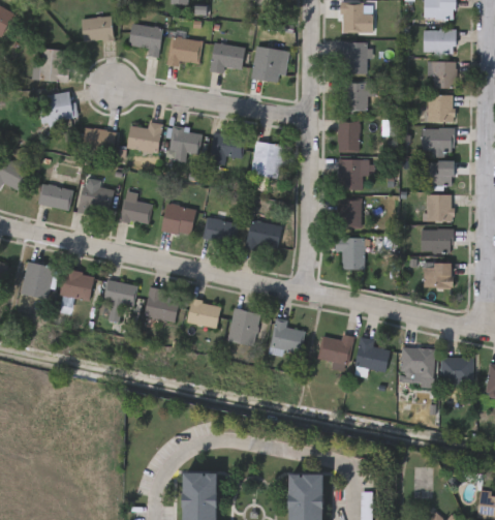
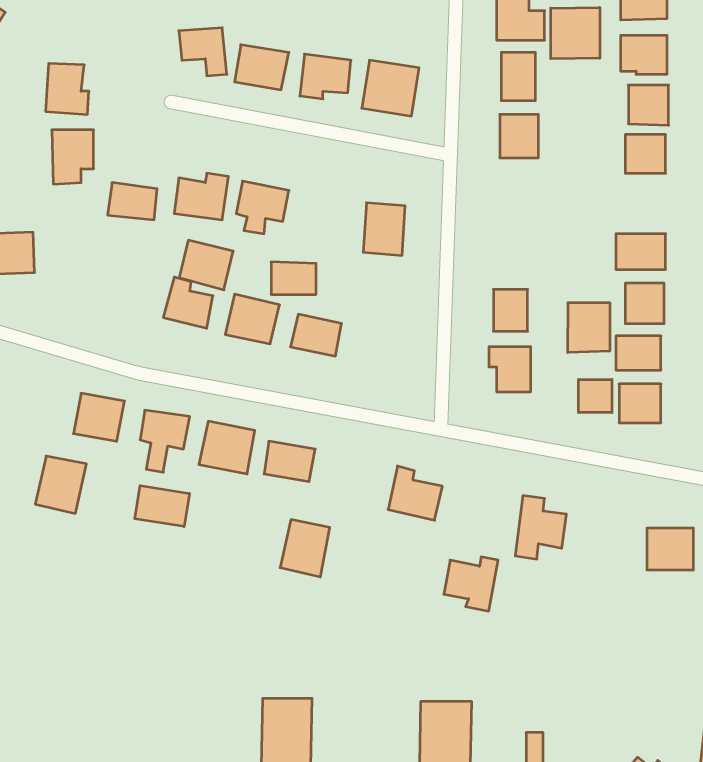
building: none -> [551,7,600,59]
building: [81,16,113,41] -> none
building: [338,121,360,152] -> none
building: [422,129,453,154] -> none
building: [213,134,243,156] -> [271,262,316,294]
building: [339,159,368,189] -> none
building: [38,183,73,210] -> none
building: [78,183,114,216] -> [179,240,233,290]
building: none -> [568,303,610,353]
building: [245,219,281,251] -> none
building: none -> [579,379,612,413]
building: [20,262,54,300] -> [35,456,86,513]
building: [226,308,259,346] -> [280,520,330,577]
building: none -> [135,486,189,527]
building: [317,334,353,370] -> [444,557,498,611]
building: [400,348,433,379] -> none

